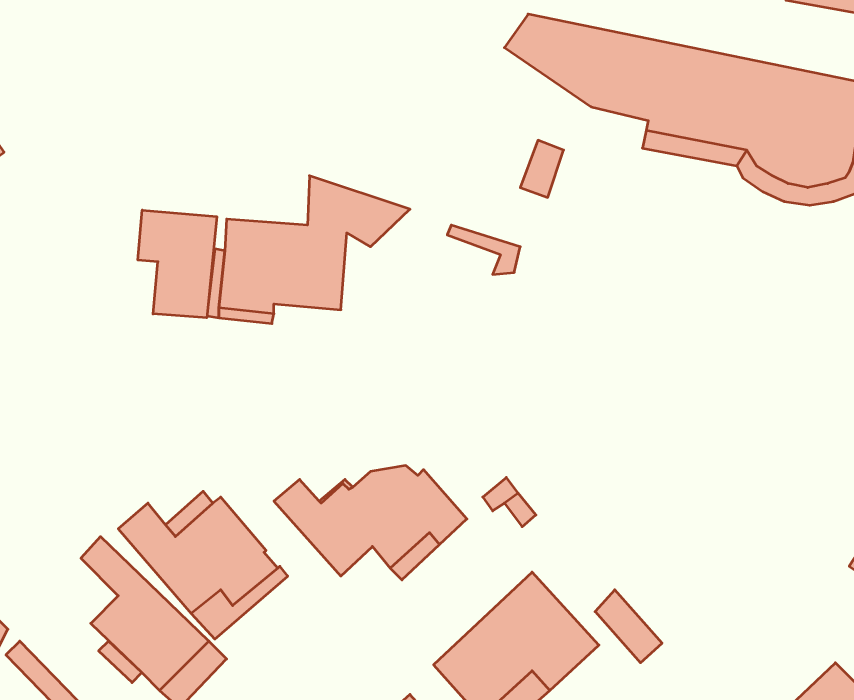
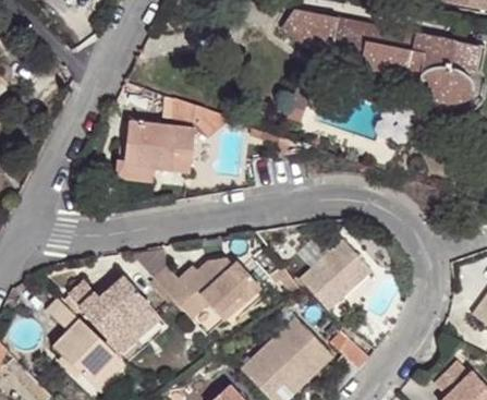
building: [138,210,217,318] -> none
building: none -> [299,239,372,311]

